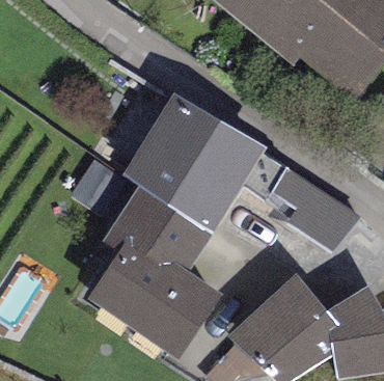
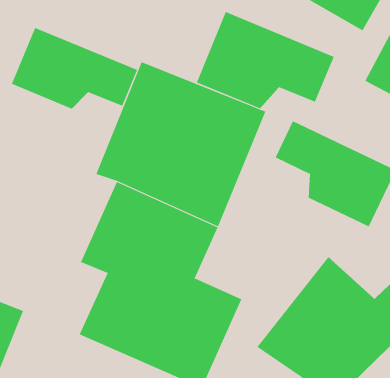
building: none -> [11,27,138,109]
building: none -> [196,11,334,109]

